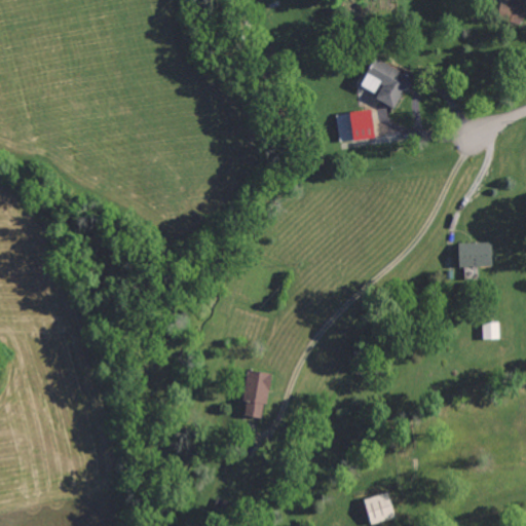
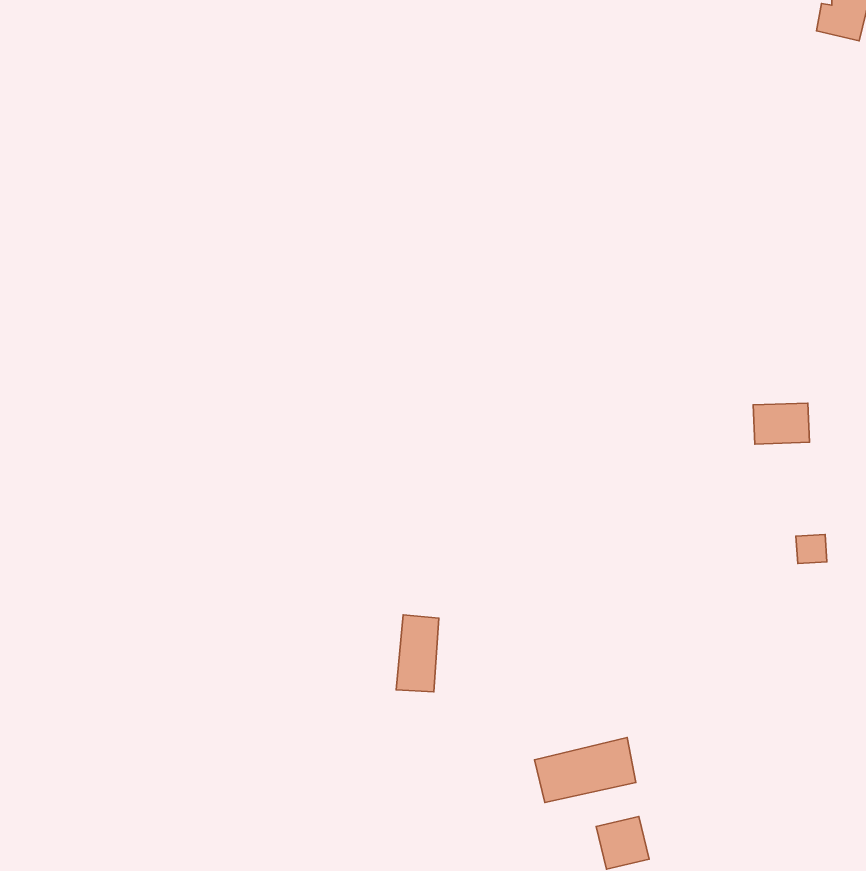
building: [360,58,411,109] -> none
building: [348,111,372,140] -> none
building: none -> [534,738,636,802]

